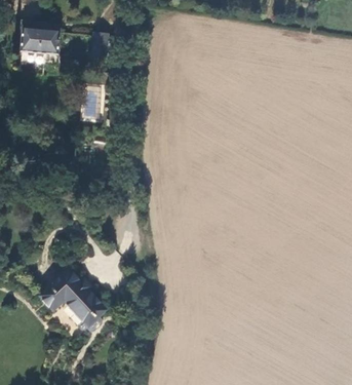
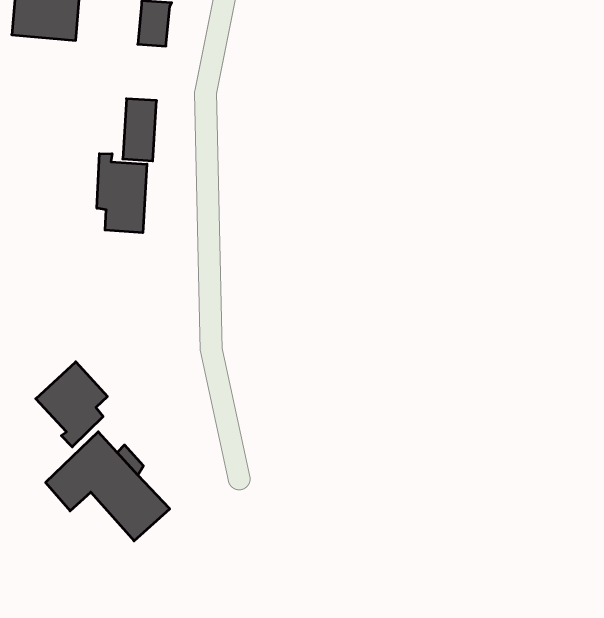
building: none -> [97,154,147,233]
building: none -> [36,362,107,447]

